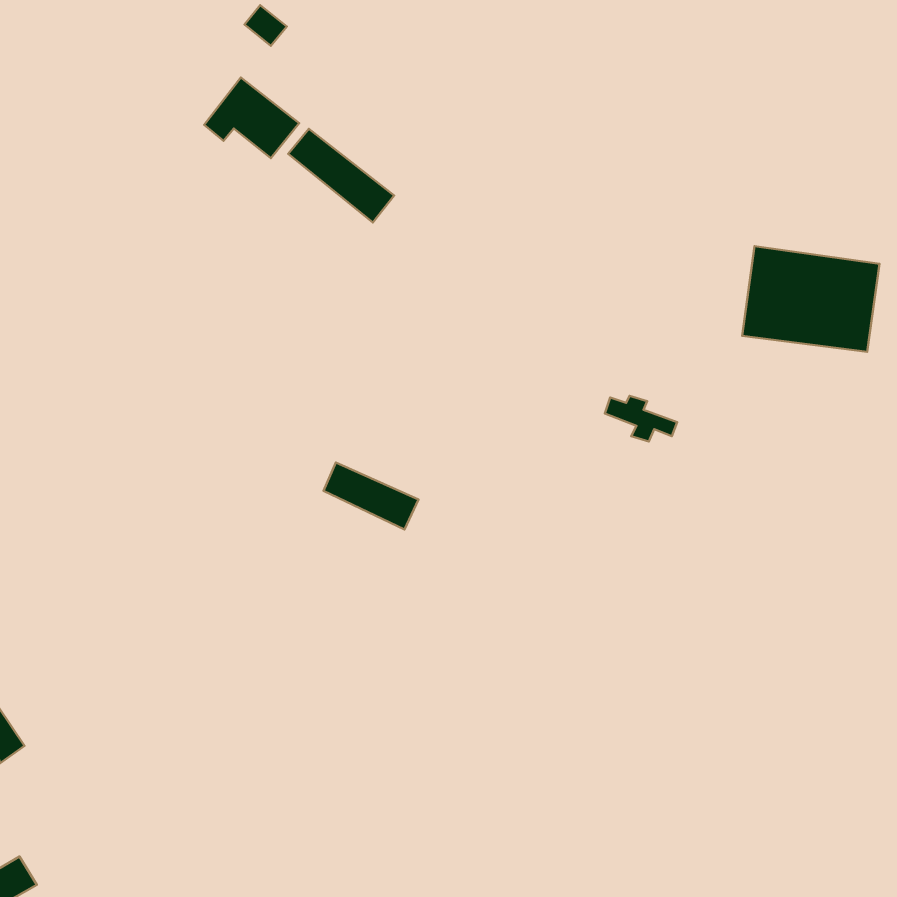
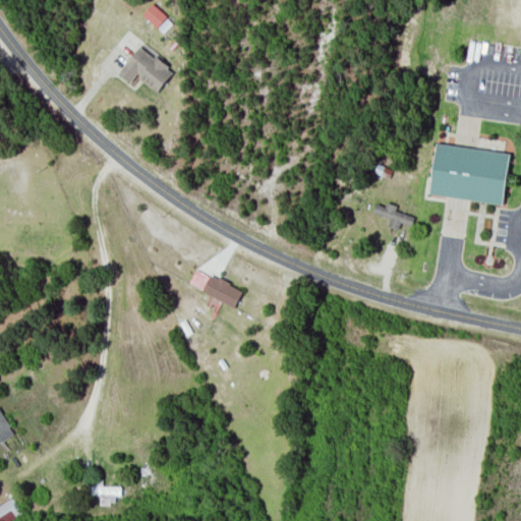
building: [288,129,394,223] -> none
building: [605,396,677,442] -> [371,202,413,229]
building: none -> [90,480,120,505]

